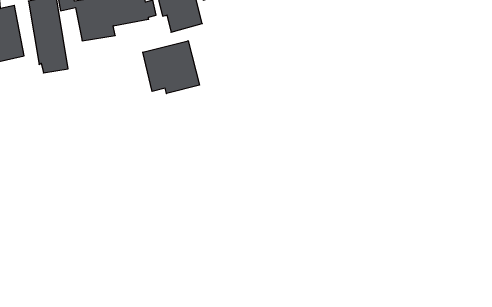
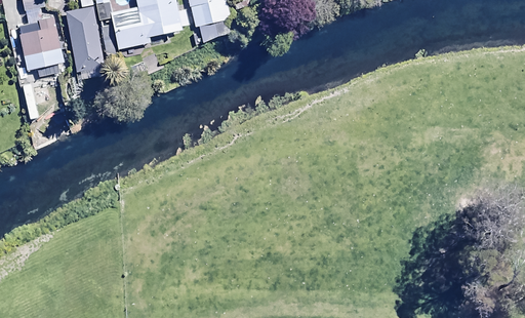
building: [143,41,199,94] -> none

